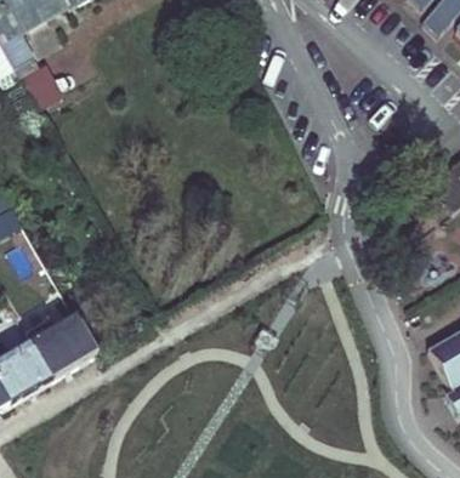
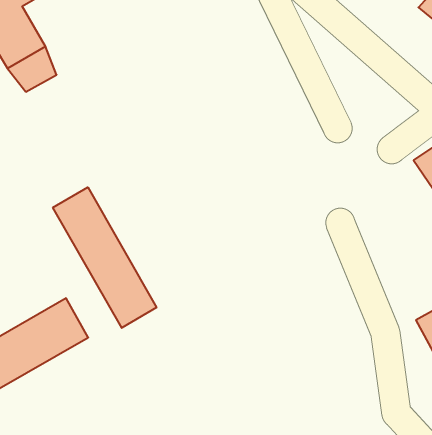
building: none -> [53,187,156,328]

